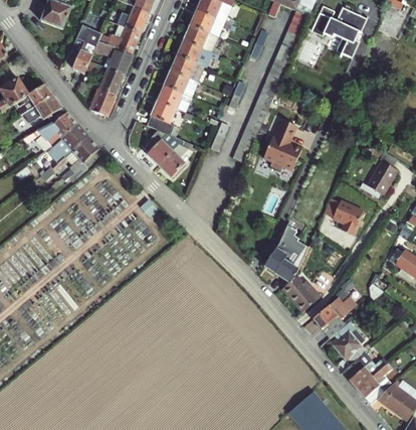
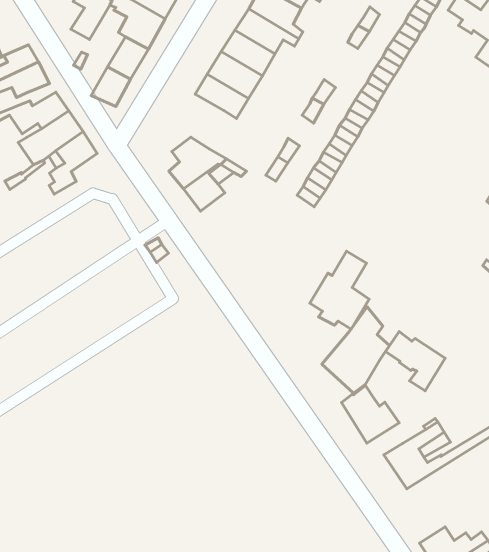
building: [147,101,177,135] -> none
building: [263,120,301,170] -> [310,251,369,329]
building: [322,198,361,235] -> [386,332,445,391]
building: [332,329,373,373] -> none

